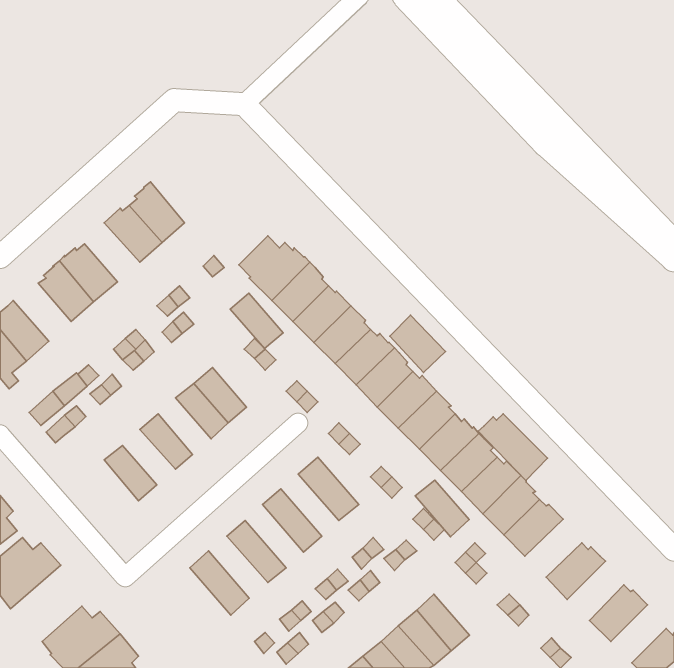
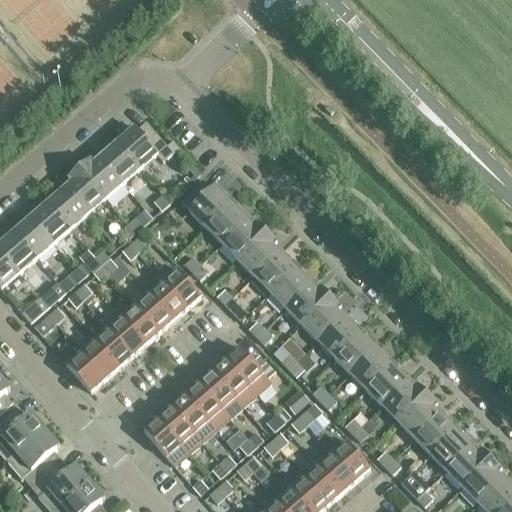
building: none -> [114,121,173,169]
building: none -> [64,169,106,214]
building: none -> [10,215,54,259]
building: [230,293,283,349] -> [161,267,201,309]
building: [390,315,445,373] -> none
building: none -> [120,302,160,345]
building: [478,414,548,481] -> none
building: none -> [93,326,133,368]
building: none -> [65,349,105,392]
building: none -> [213,360,257,407]
building: [415,480,469,537] -> [329,439,370,482]
building: none -> [186,383,230,431]
building: none -> [398,394,441,438]
building: none -> [158,407,203,454]
building: none -> [430,426,473,471]
building: none -> [8,429,62,487]
building: none -> [463,459,505,503]

